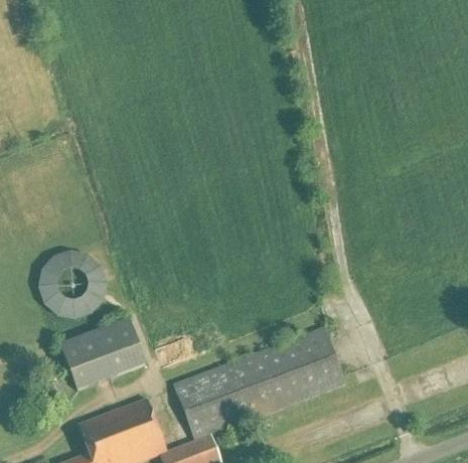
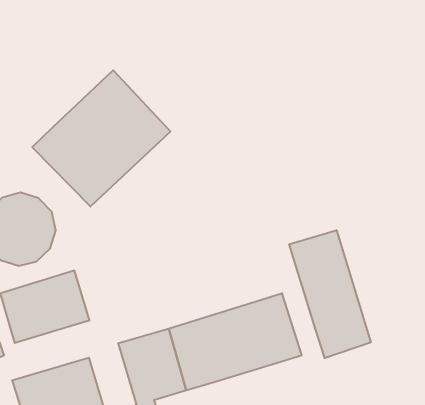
building: none -> [32,70,170,207]
building: none -> [289,230,371,358]

